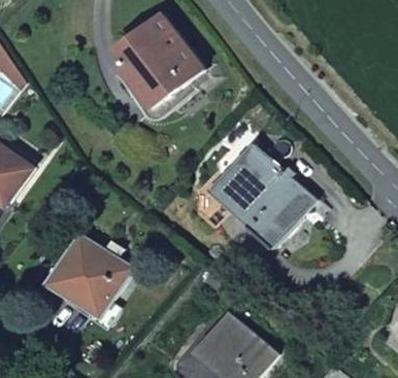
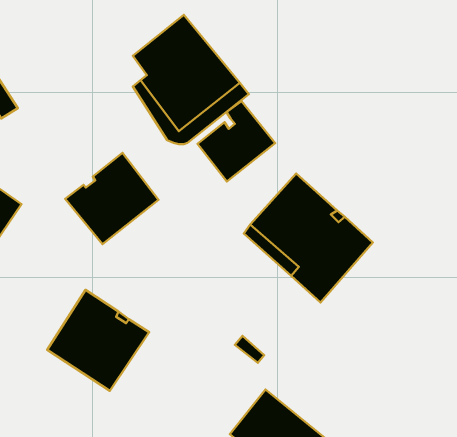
building: none -> [197,101,275,182]
building: none -> [65,153,159,244]

